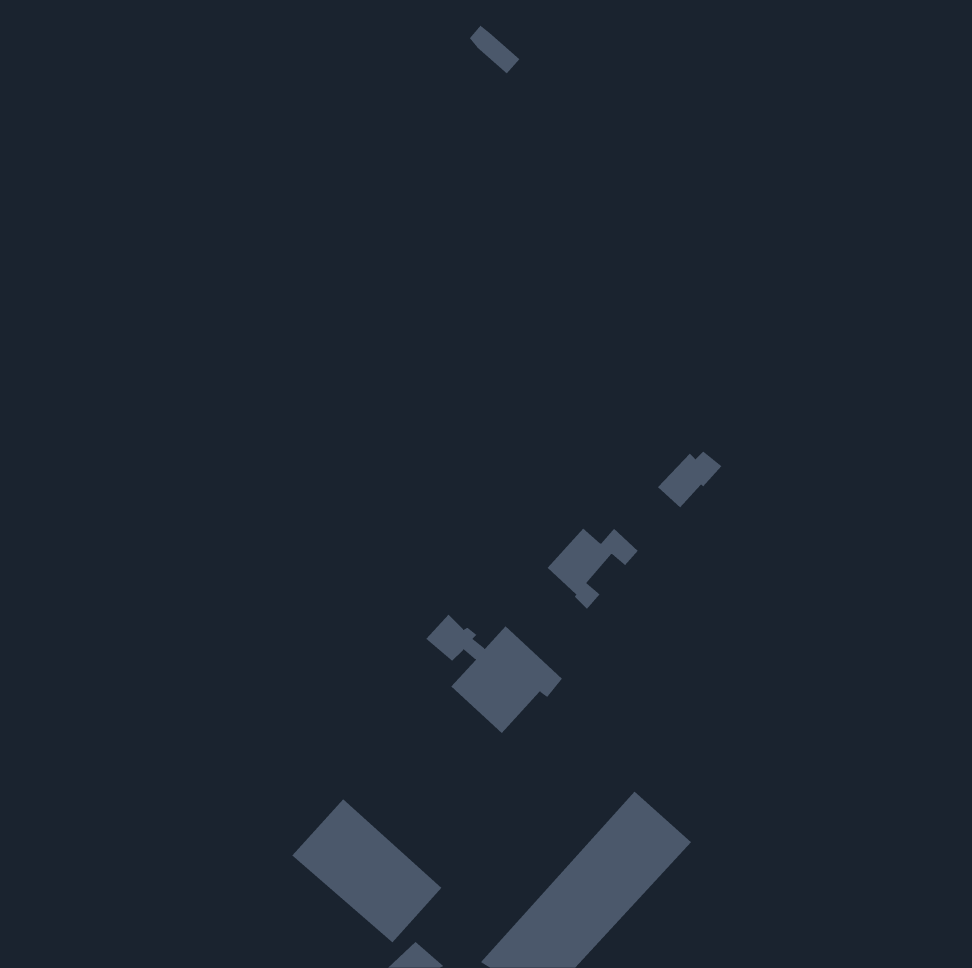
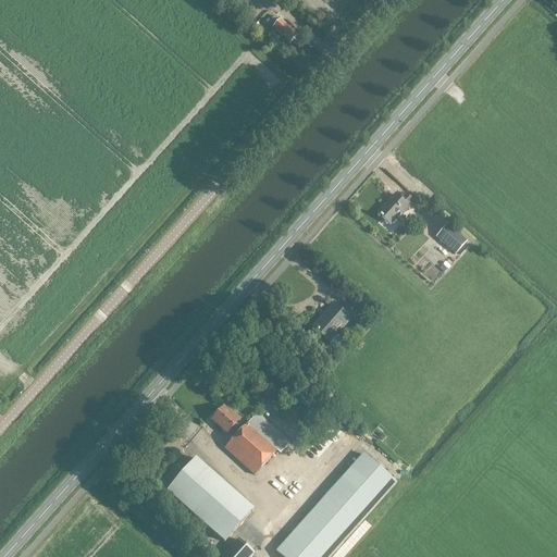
building: none -> [433,219,465,249]
building: [657,451,722,508] -> [376,190,413,223]
building: [426,614,563,734] -> [210,405,288,473]

